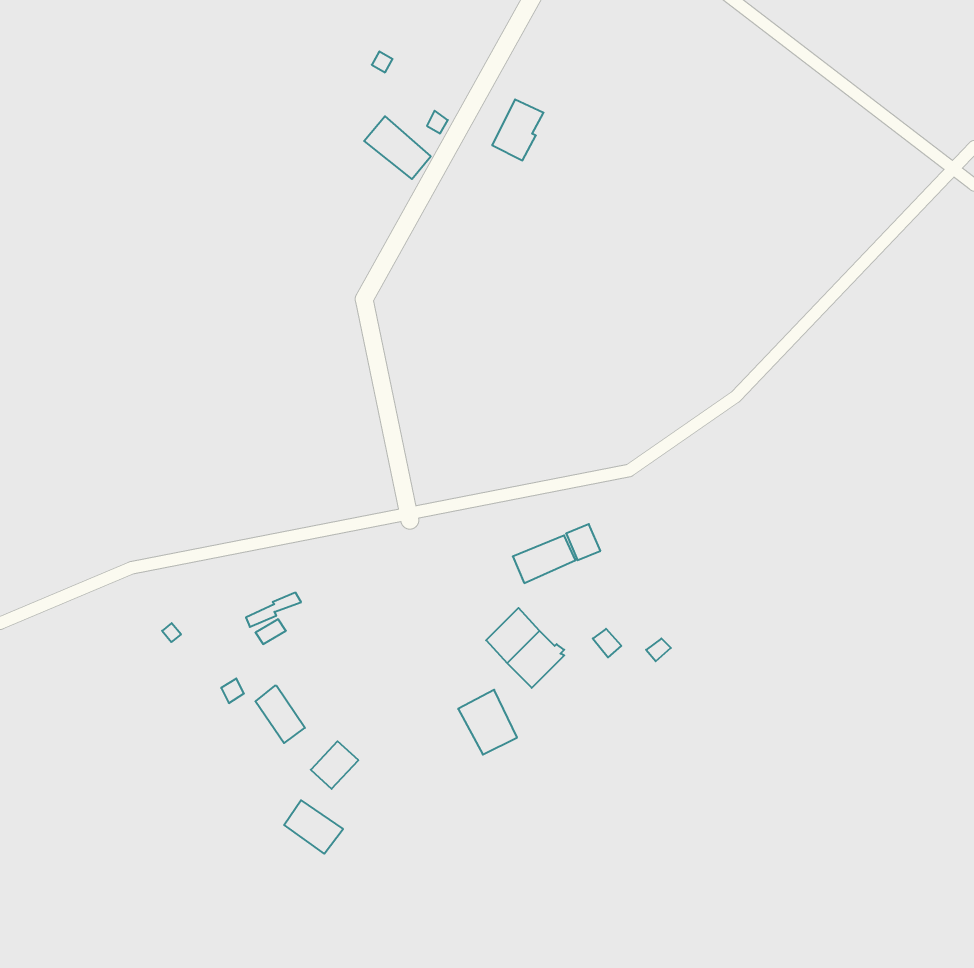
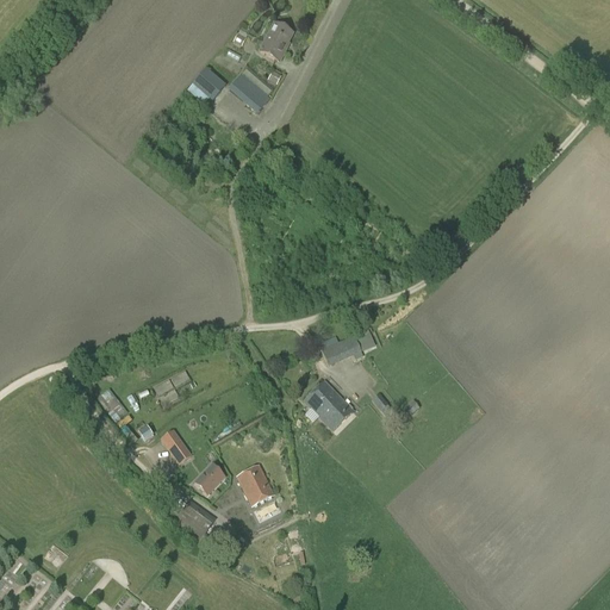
building: [492,99,544,160] -> [260,23,292,61]
building: none -> [191,67,225,101]
building: [458,690,517,755] -> [236,465,273,505]

